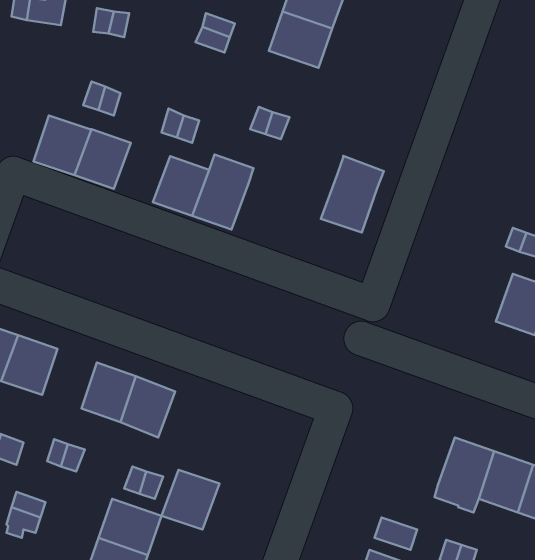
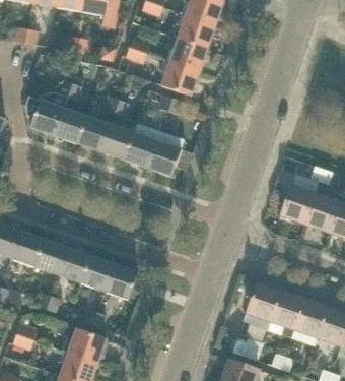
building: none -> [159,61,198,96]
building: none -> [76,116,110,151]
building: [321,156,384,233] -> [146,130,184,176]
building: none -> [279,186,314,223]
building: none -> [33,239,66,274]
building: none -> [246,283,279,320]
building: [162,470,219,529] -> [102,264,137,300]

